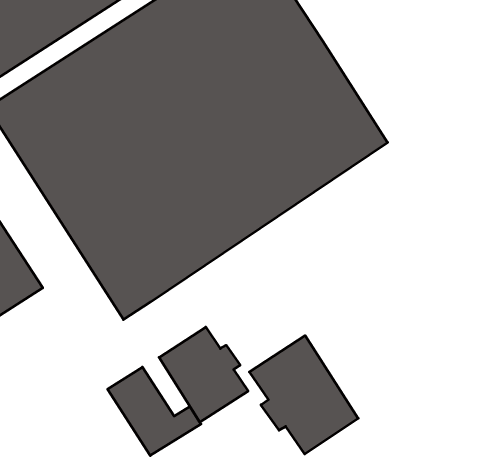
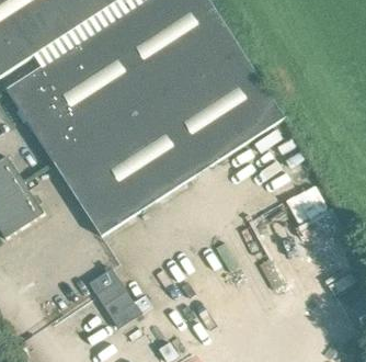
building: [159,327,248,422] -> none
building: [249,336,358,454] -> none

